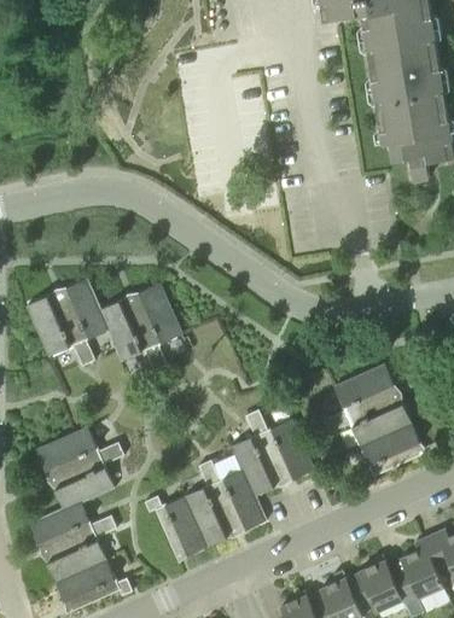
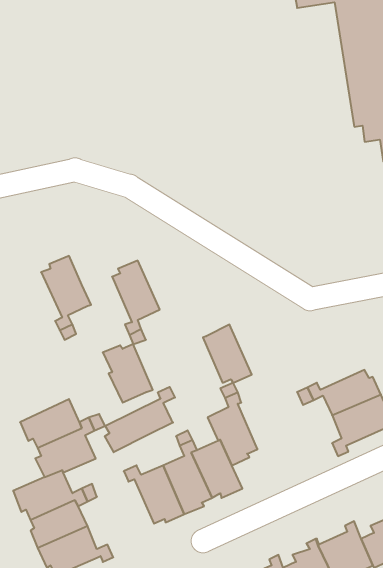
building: [27,295,80,355] -> none
building: [100,299,152,360] -> [103,344,153,403]
building: [333,363,394,416] -> none
building: none -> [105,387,175,452]
building: [262,418,313,478] -> [203,325,252,383]

